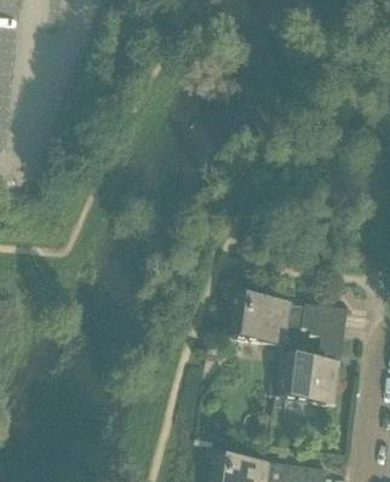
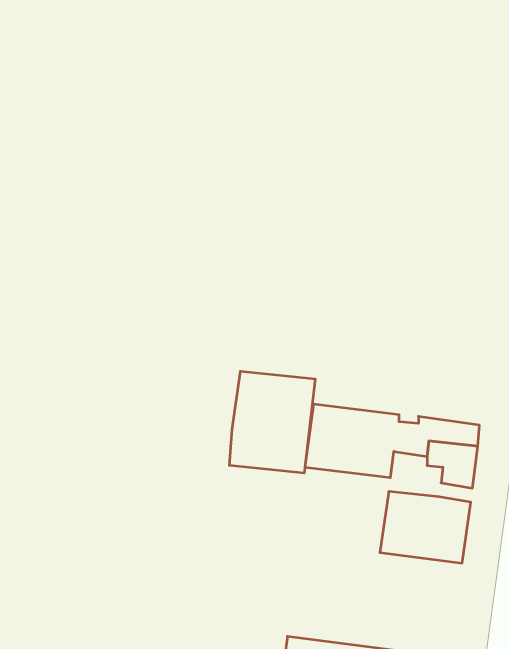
building: none -> [229,371,315,473]

